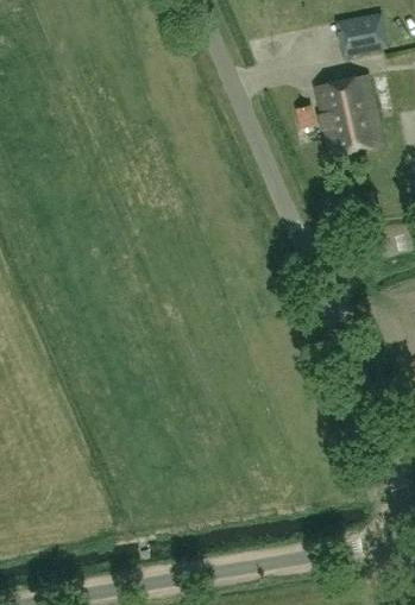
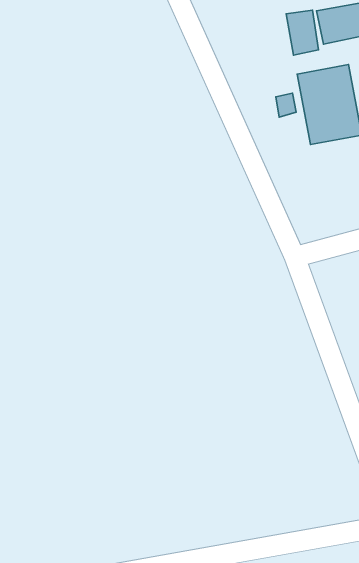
building: none -> [286,10,318,55]

